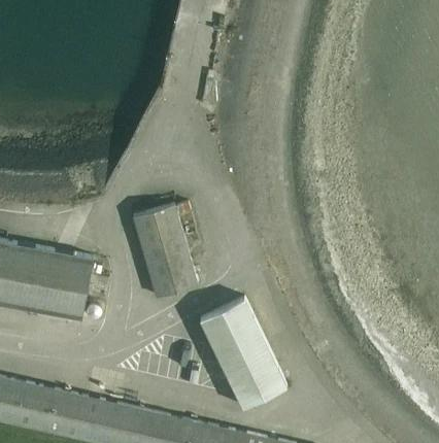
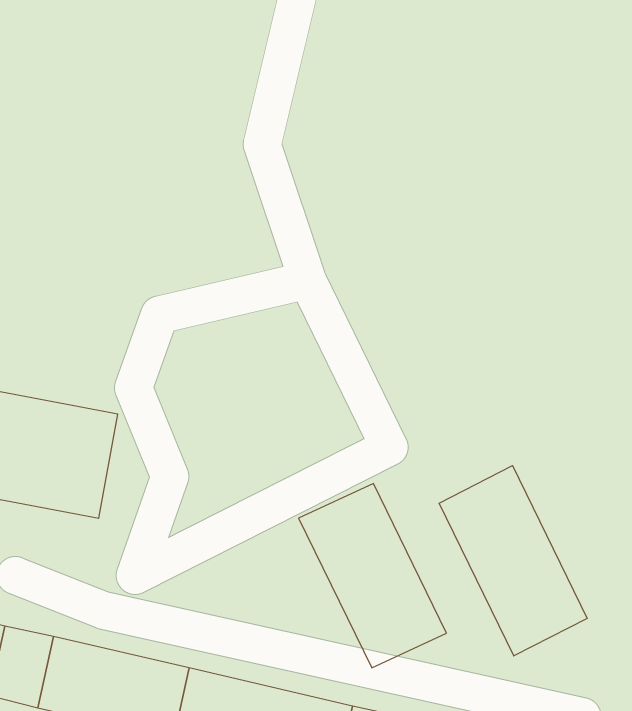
building: [133,204,197,297] -> none
building: none -> [439,466,587,656]

